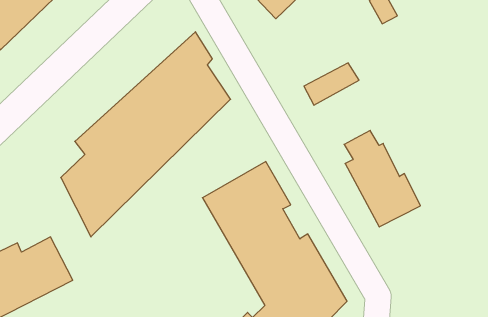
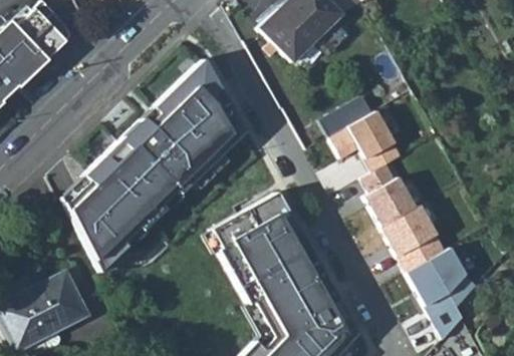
building: none -> [326,114,397,172]
building: none -> [408,245,479,338]

